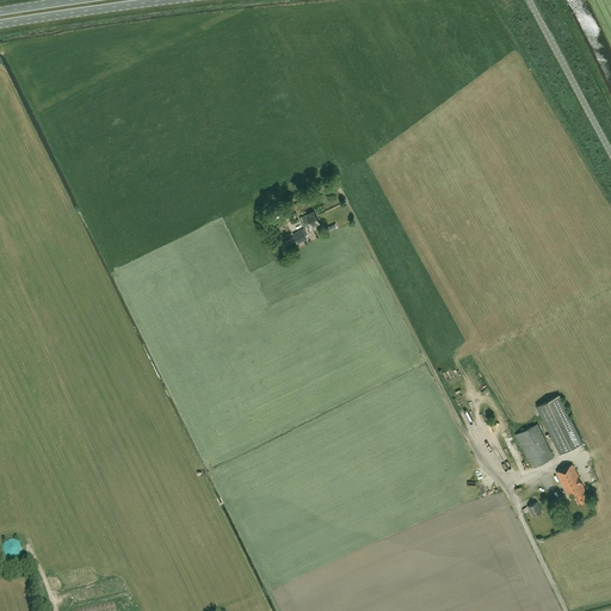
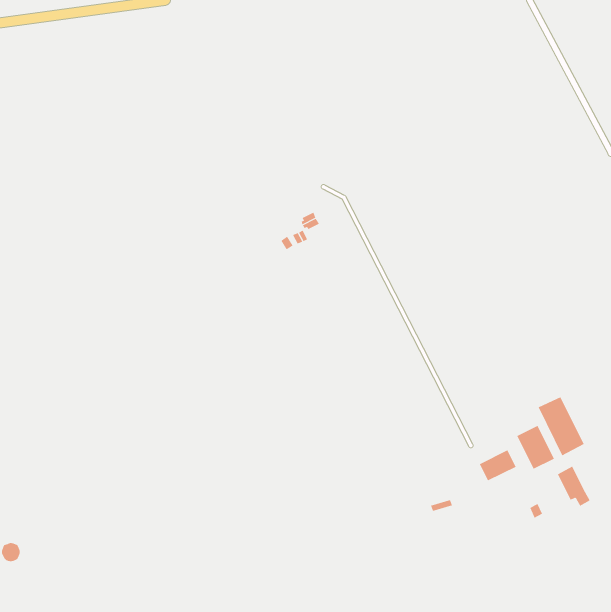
building: none -> [479,449,516,481]

